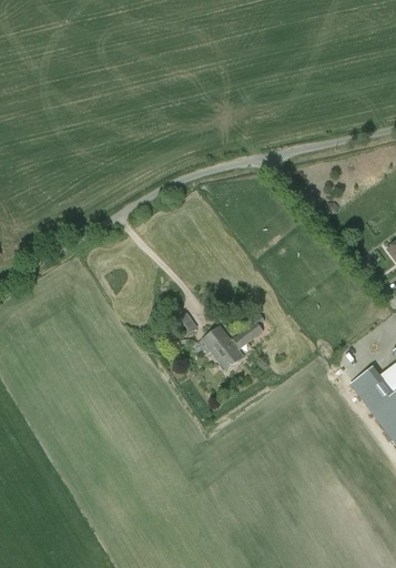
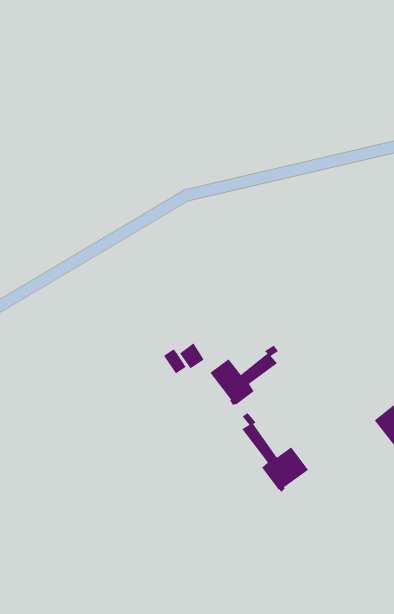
building: none -> [242,412,309,492]

